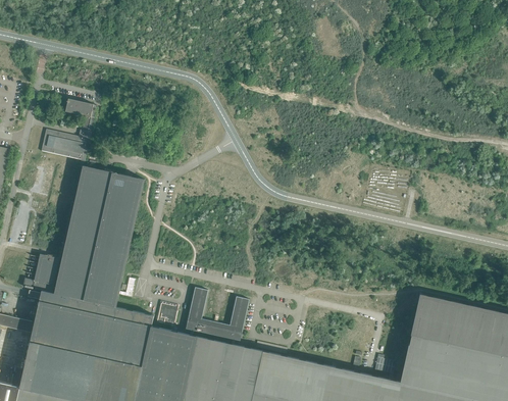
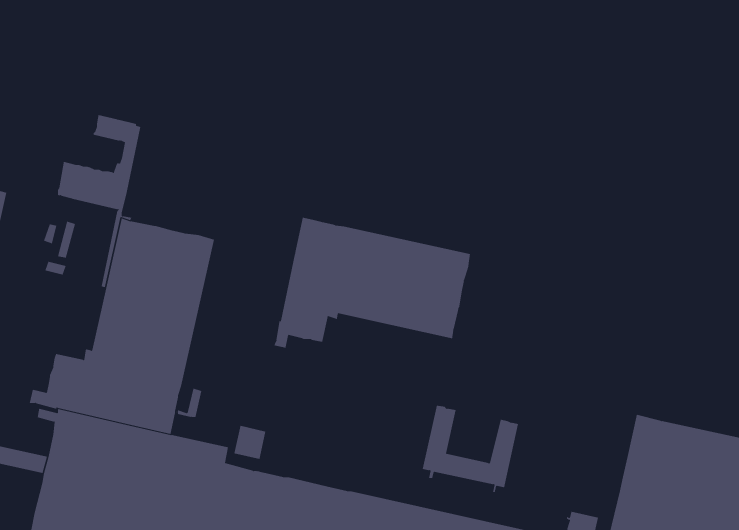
building: none -> [274,217,471,348]
building: [186,287,249,344] -> [422,405,519,493]

